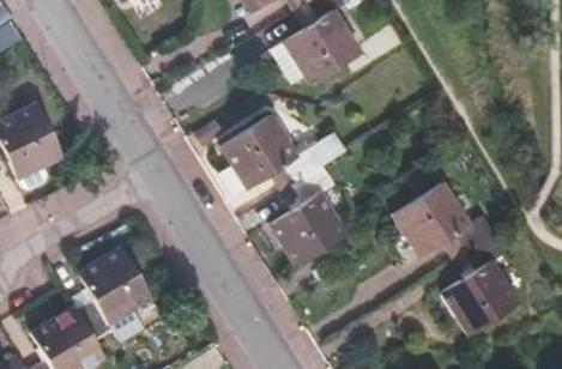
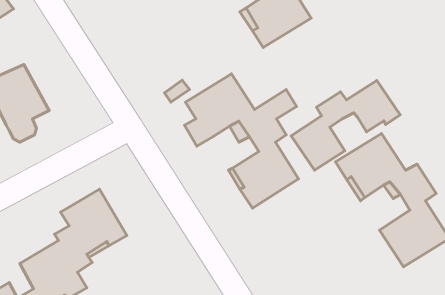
building: none -> [291,81,400,170]

